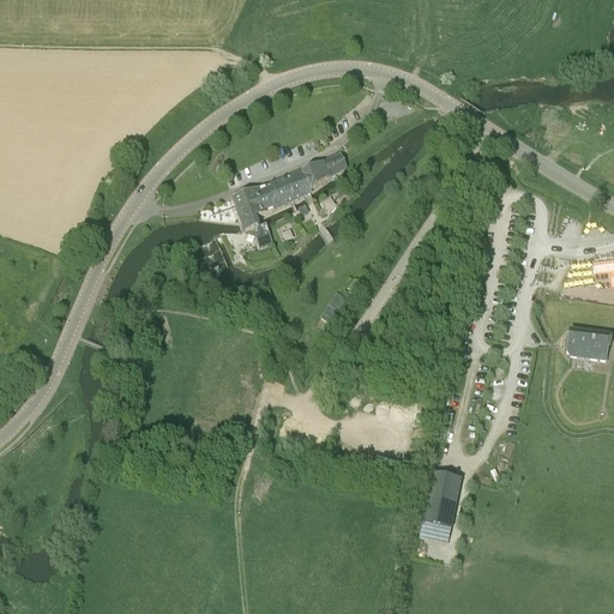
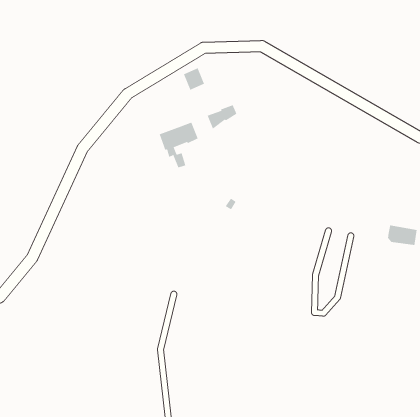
building: [279,168,311,201] -> [183,68,205,91]
building: [423,472,462,537] -> none

